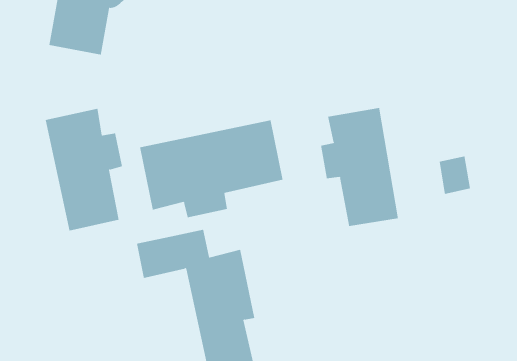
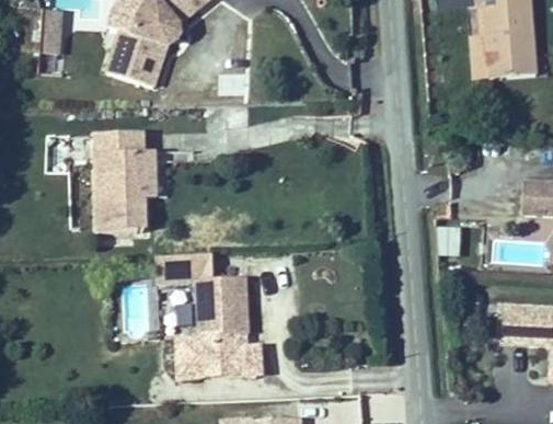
building: [320,107,399,227] -> none
building: [139,120,283,218] -> none

